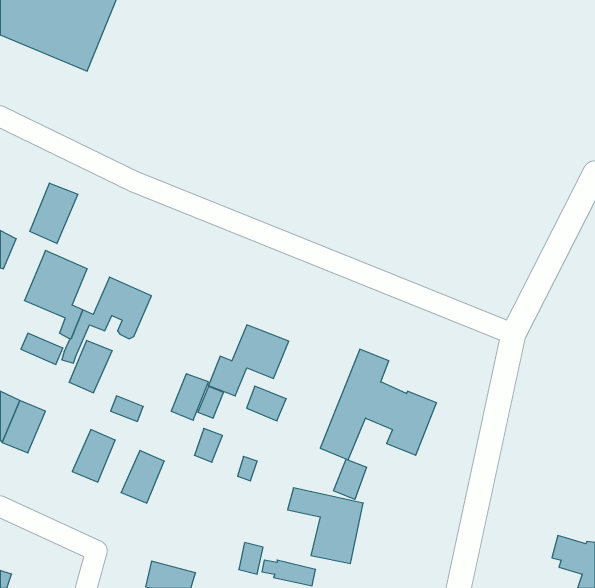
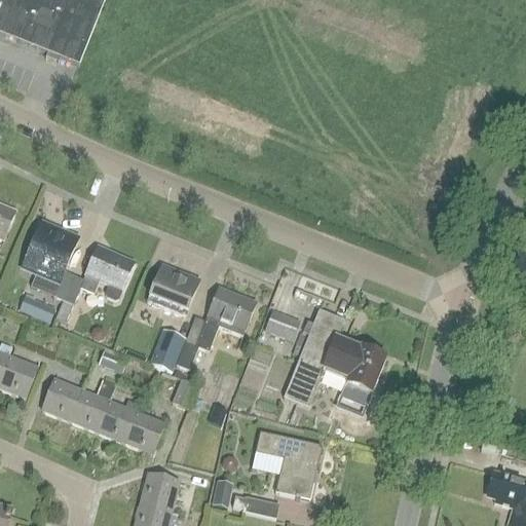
building: [30,183,78,244] -> none
building: none -> [147,264,198,314]
building: [69,340,112,393] -> [42,370,80,416]
building: [247,386,286,421] -> [264,308,299,339]
building: none -> [86,388,123,435]
building: [333,459,367,499] -> none
building: none -> [129,407,166,453]
building: none -> [134,472,179,505]

